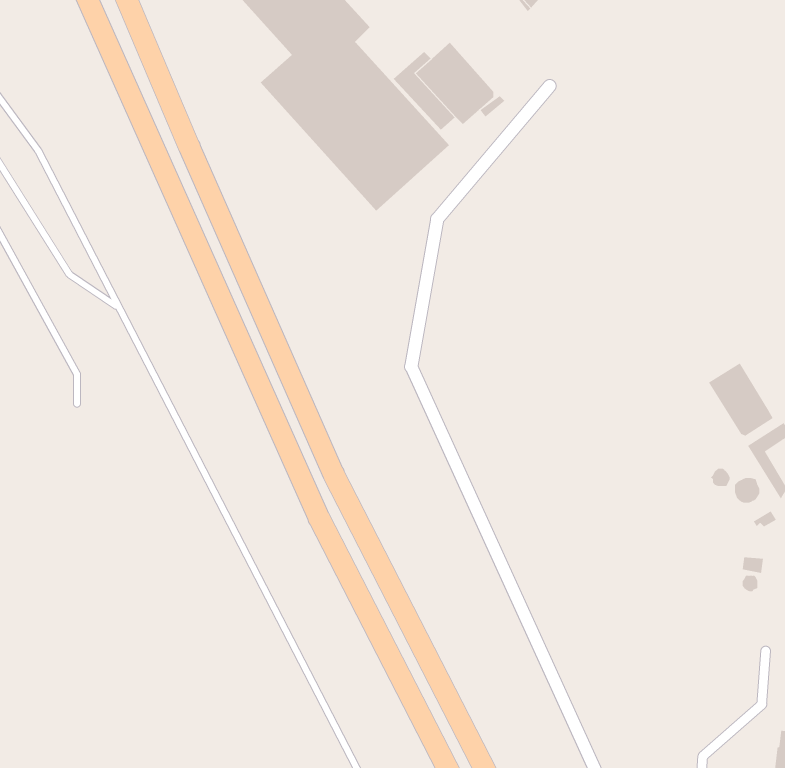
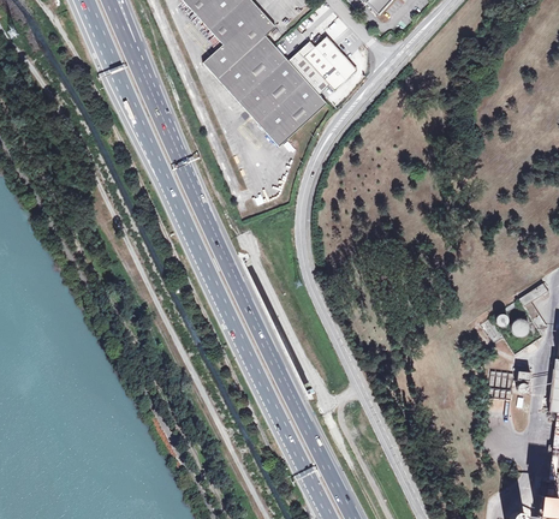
building: [708,362,774,436] -> none

